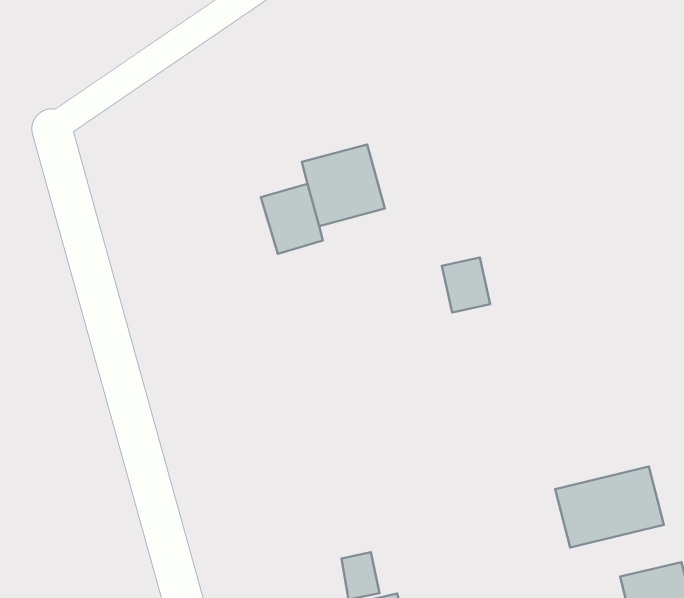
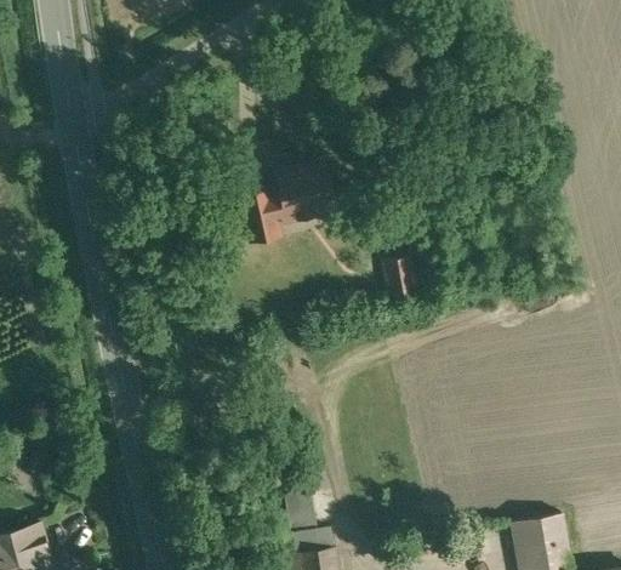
building: [555,467,664,548] -> none

